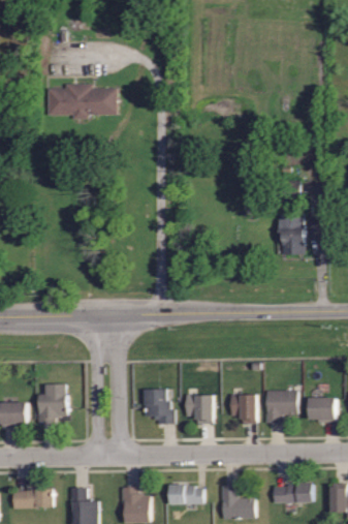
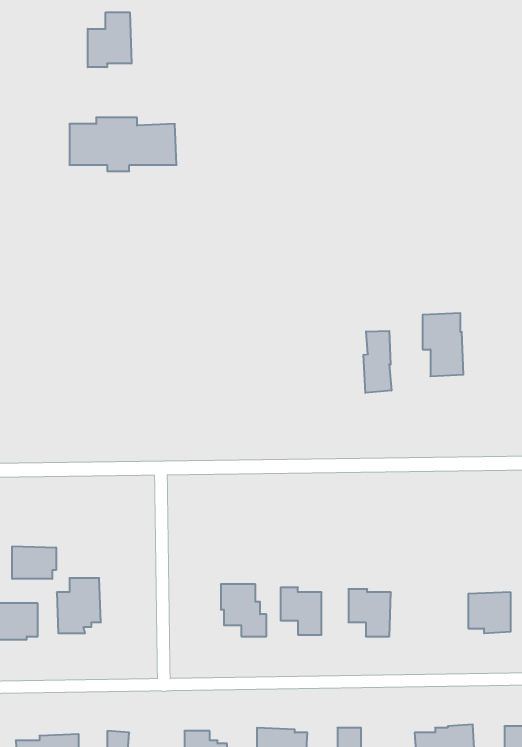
building: none -> [88,12,131,67]
building: none -> [364,331,391,393]
building: none -> [12,546,56,579]
building: [264,390,296,423] -> none

